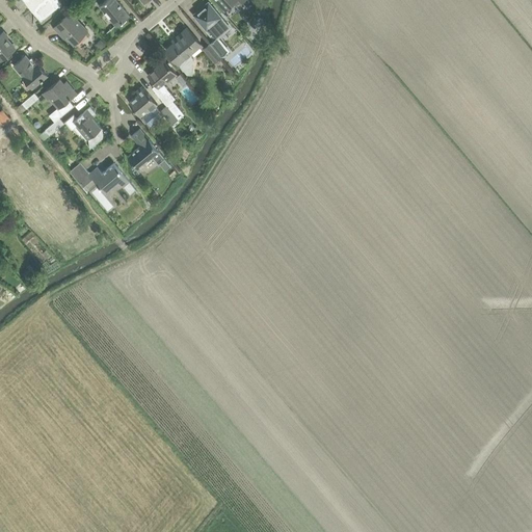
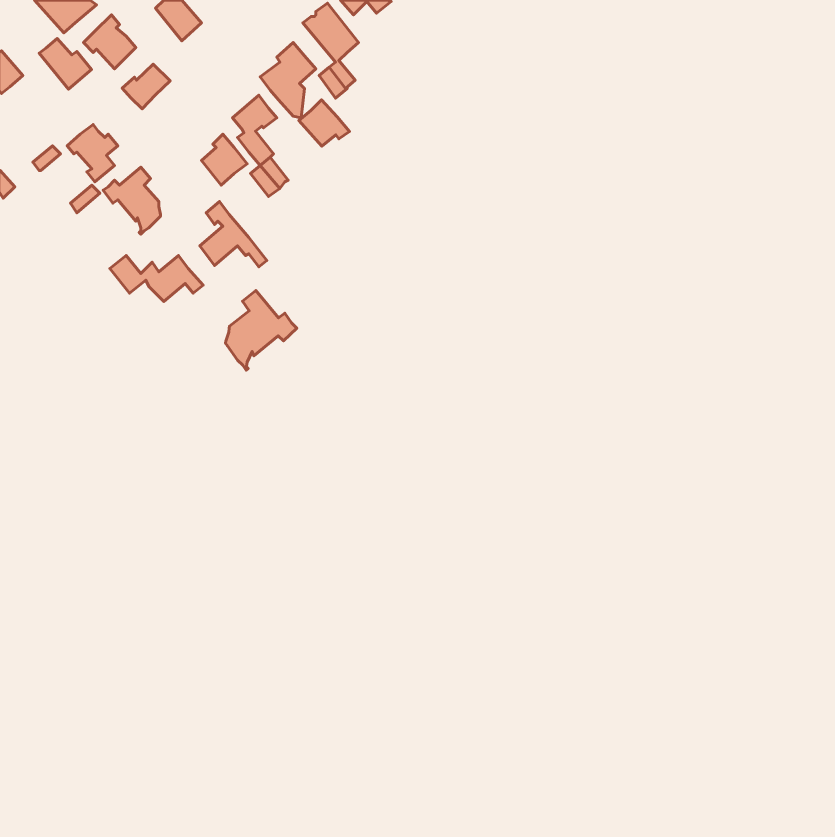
building: none -> [122,64,170,109]
building: [12,55,46,87] -> [39,38,92,89]
building: none -> [299,100,349,146]
building: none -> [225,290,297,370]

